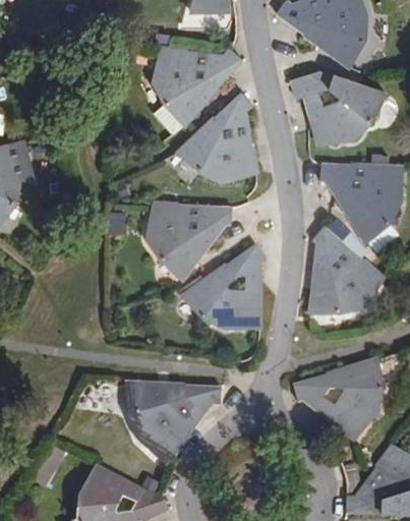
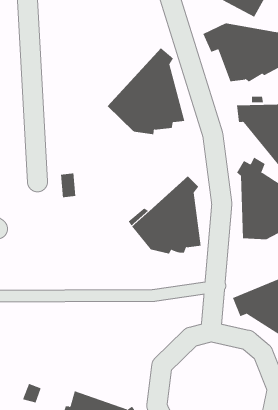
building: [150,48,247,134] -> none
building: [145,205,235,280] -> none
building: [134,382,222,451] -> none

